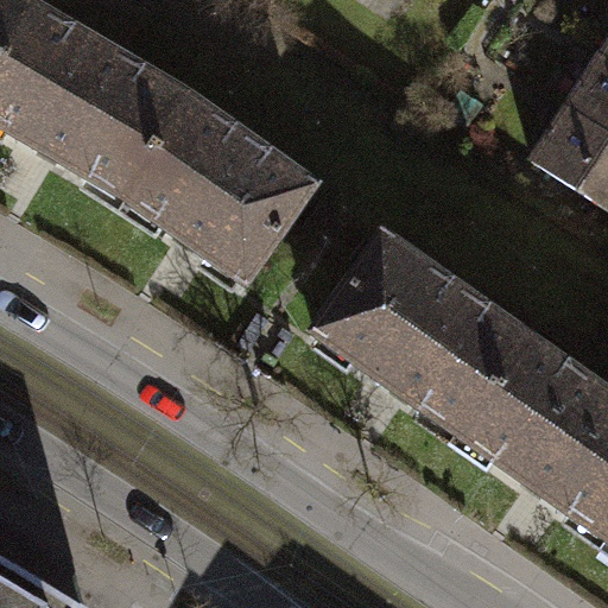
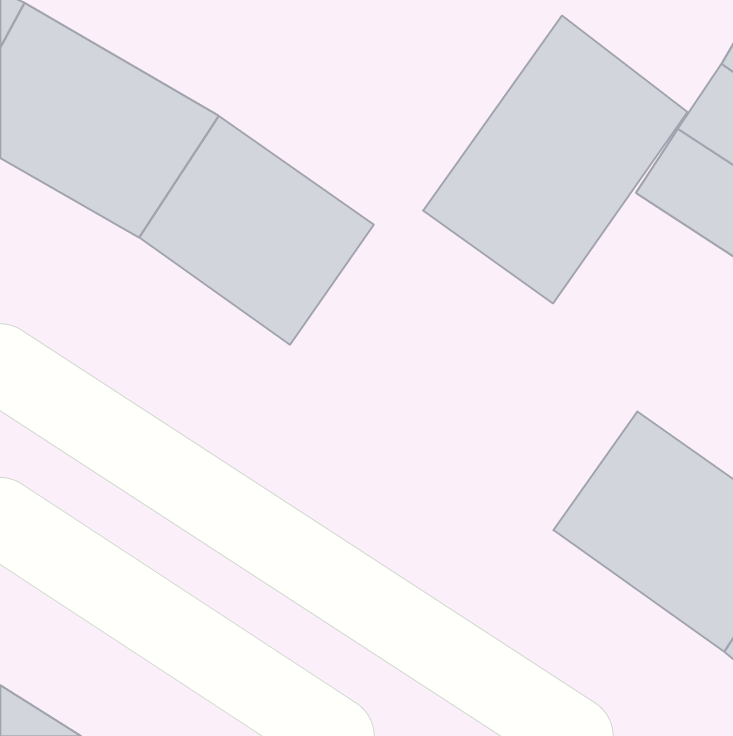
building: none -> [423,16,687,303]
building: [311,232,528,435] -> none

